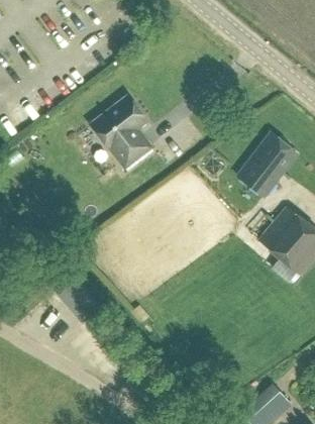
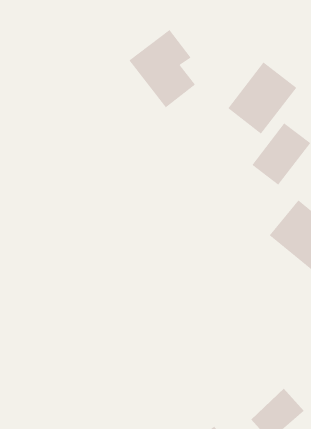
building: none -> [227,62,297,135]
building: [92,95,154,169] -> [129,29,196,108]

